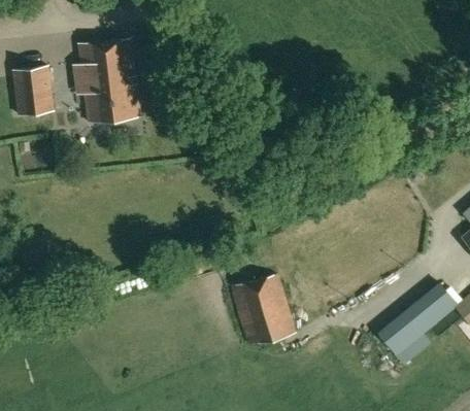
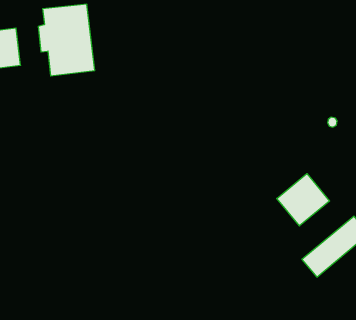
building: none -> [277,174,330,226]
building: [230,273,295,344] -> none

